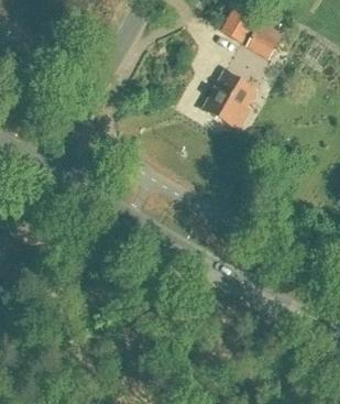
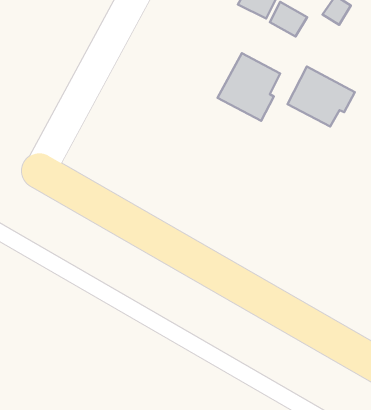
building: none -> [288,67,355,126]

